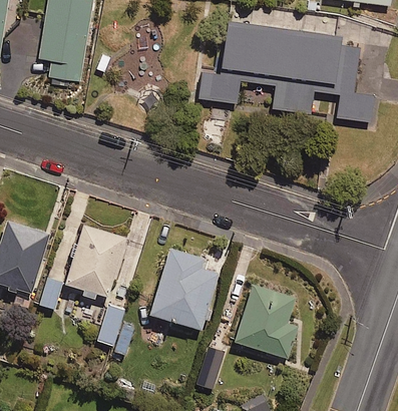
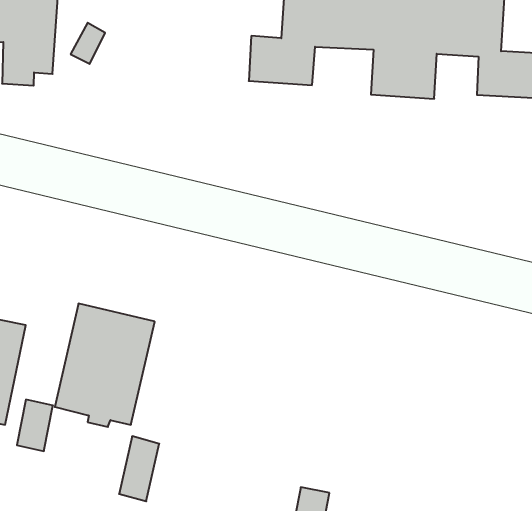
building: [149,247,218,329] -> none
building: [234,284,298,358] -> none

